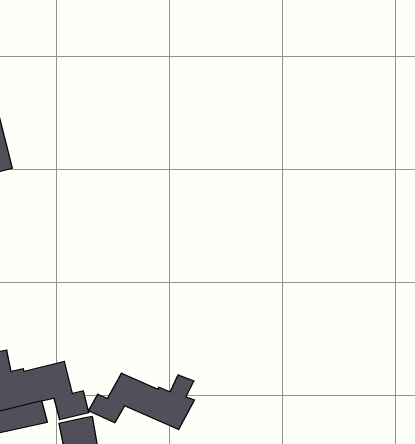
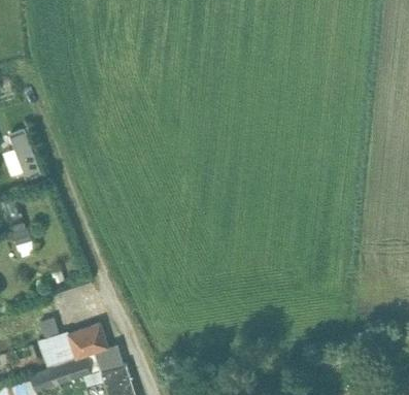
building: [89,373,194,430] -> none

